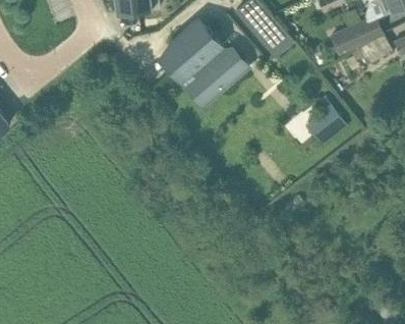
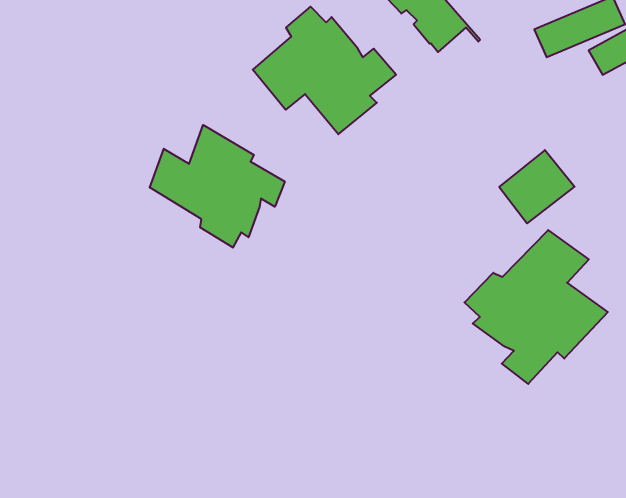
building: none -> [150,125,285,248]
building: none -> [464,230,608,384]

